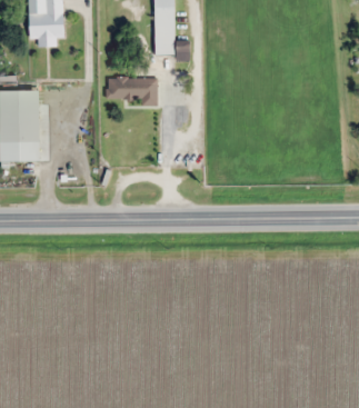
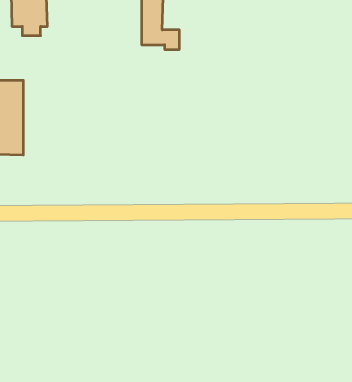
building: [107,77,157,101] -> none

